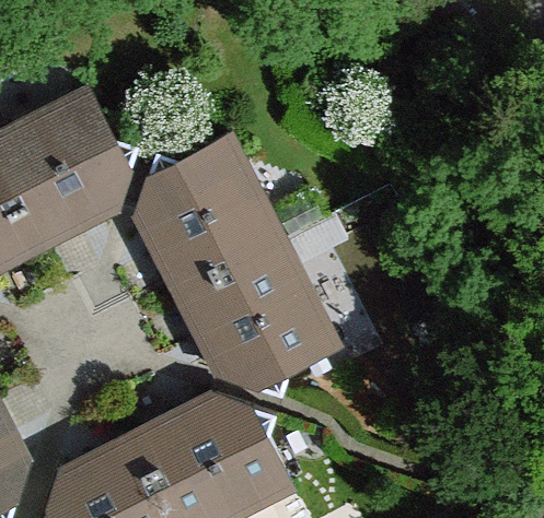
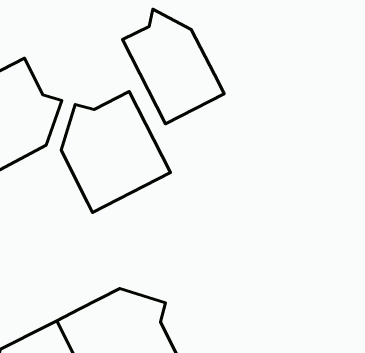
building: none -> [122,9,224,124]
building: [180,242,337,396] -> none

